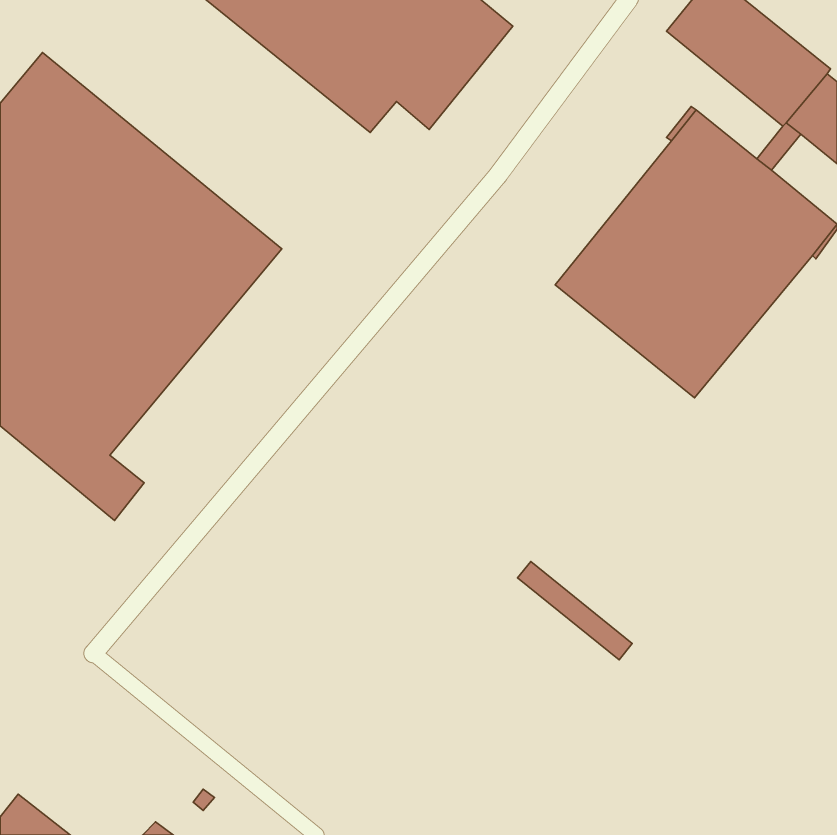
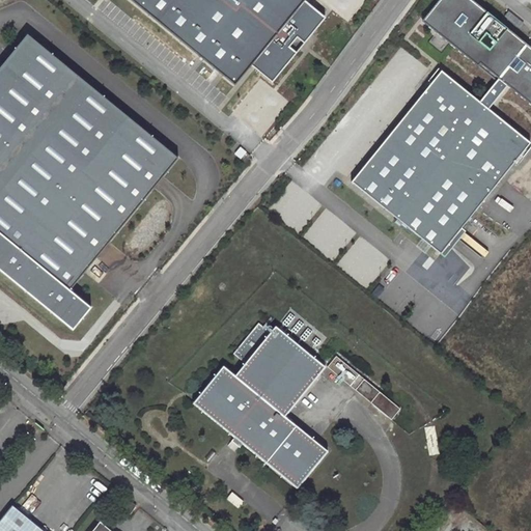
building: none -> [192,323,327,486]

